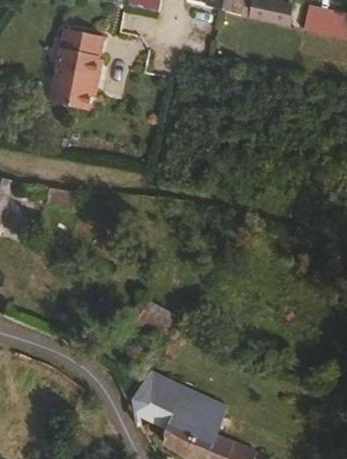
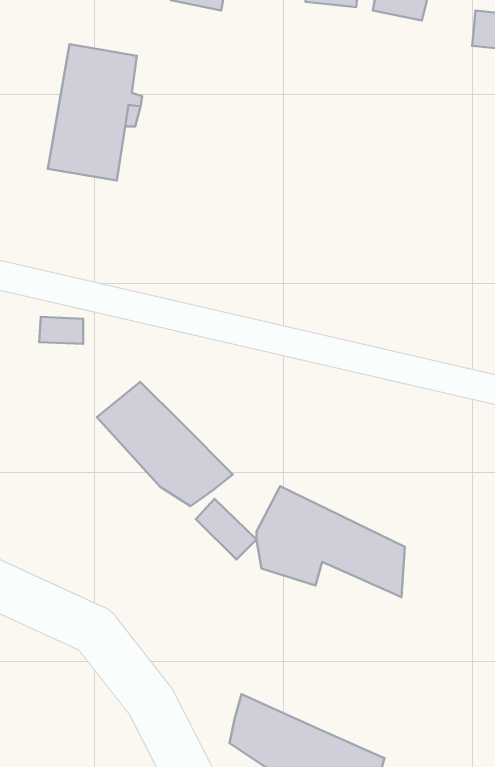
building: none -> [97,382,233,506]
building: [130,369,218,435] -> [257,486,405,597]

